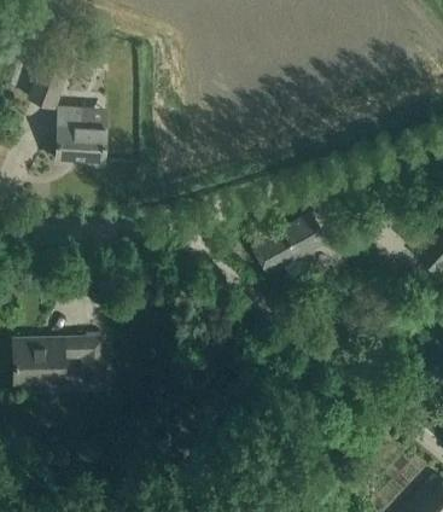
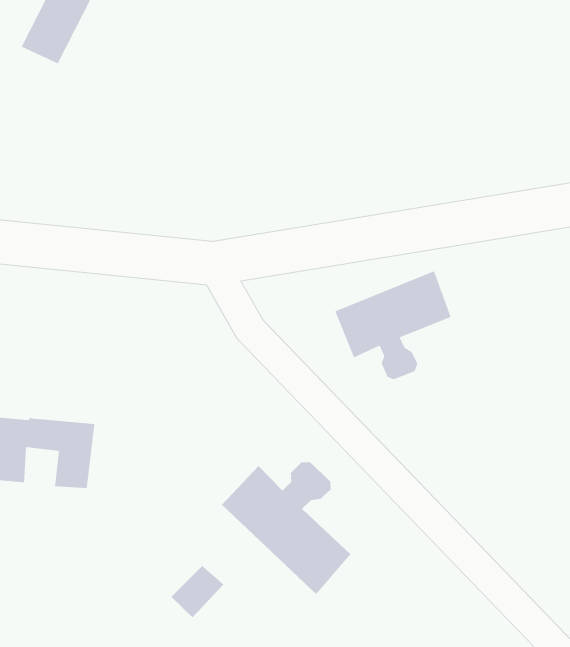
building: [56,107,105,163] -> none
building: none -> [221,461,351,595]

